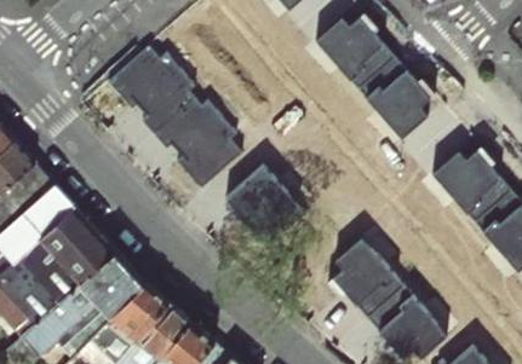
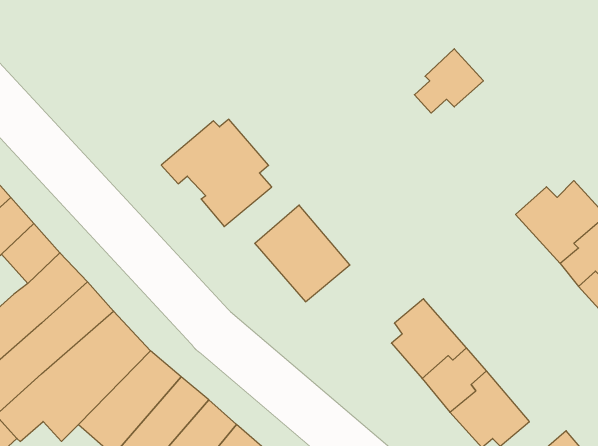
building: [316,15,384,81] -> none
building: [110,48,194,137] -> none
building: [366,70,435,137] -> none

